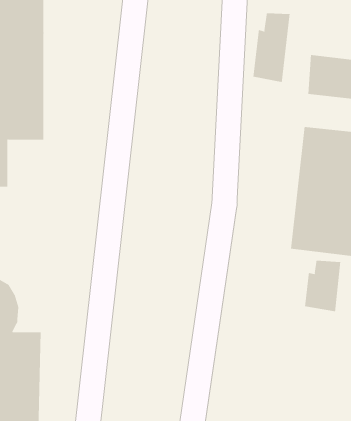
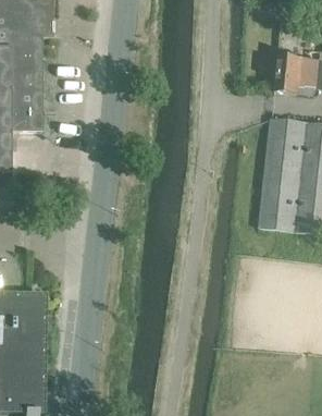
building: [253,12,290,83] -> none
building: [304,260,341,312] -> none

